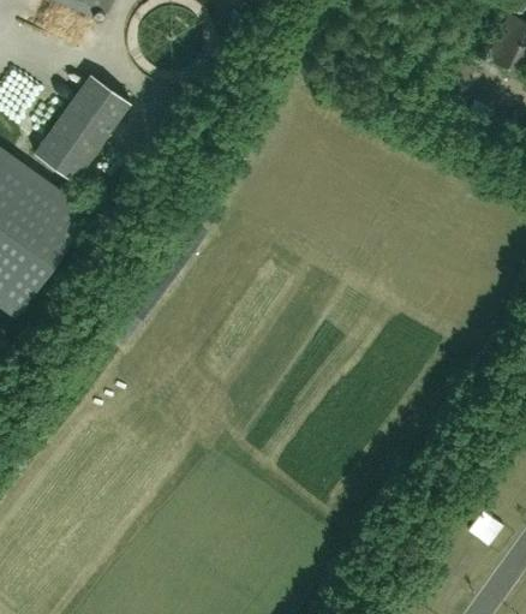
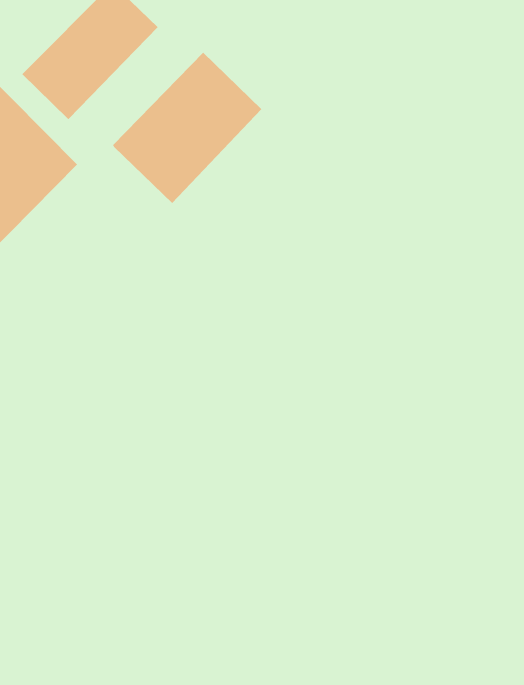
building: none -> [113,52,262,204]

